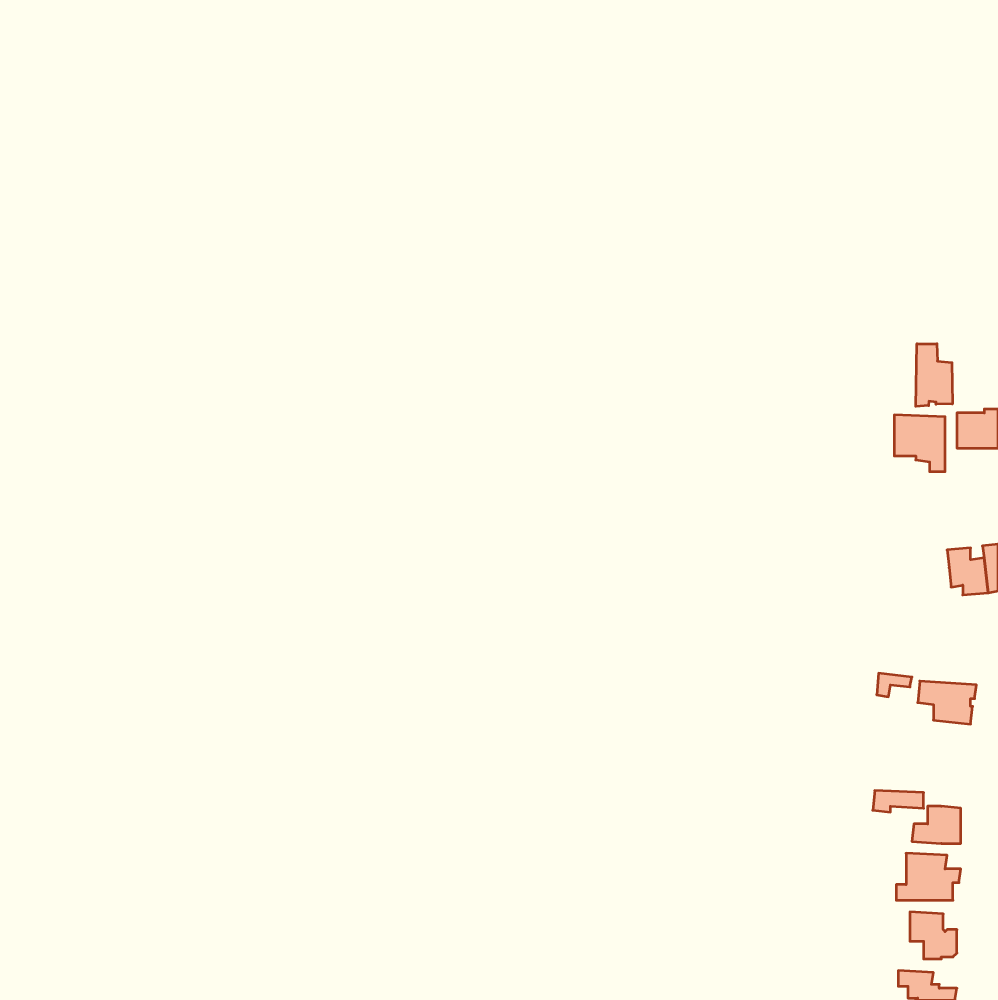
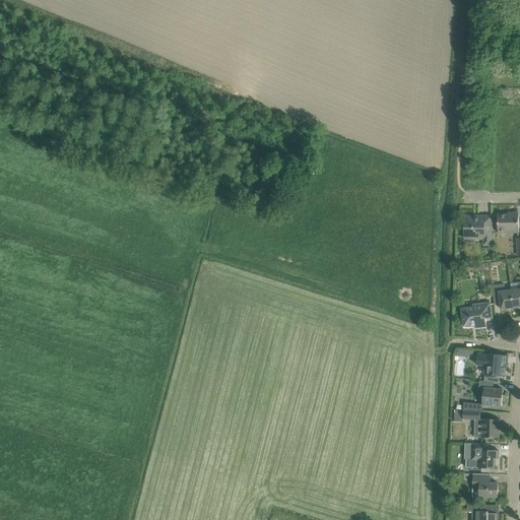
building: [916,344,952,406] -> none
building: none -> [461,303,492,328]
building: none -> [477,381,506,406]

